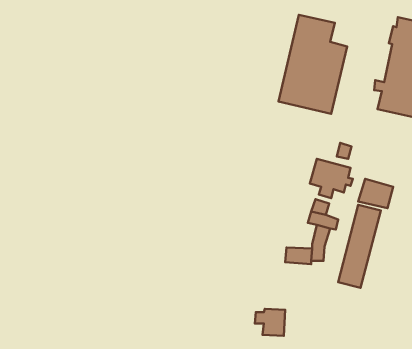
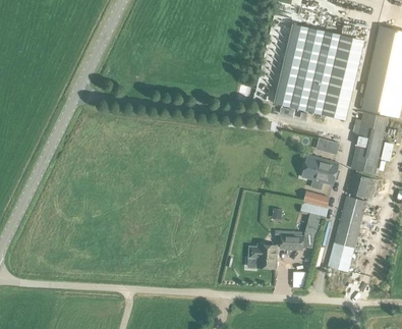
building: none -> [320,32,362,120]
building: none -> [349,112,387,174]
building: [255,309,285,336] -> [248,244,276,269]

